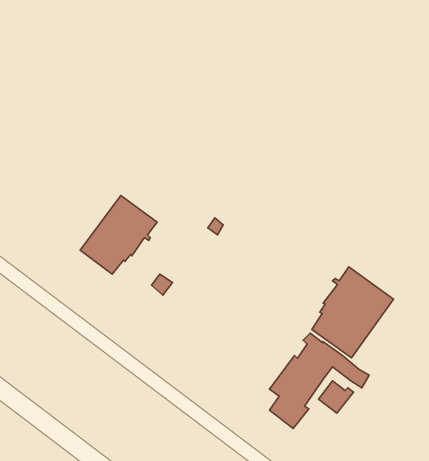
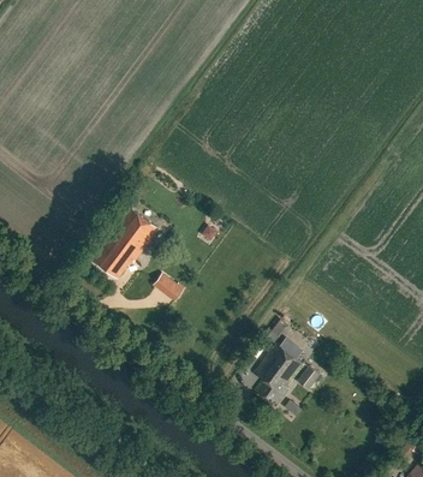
building: [312,267,393,358] -> none

